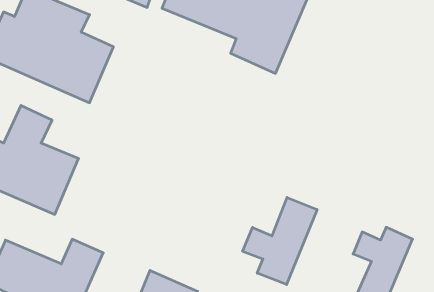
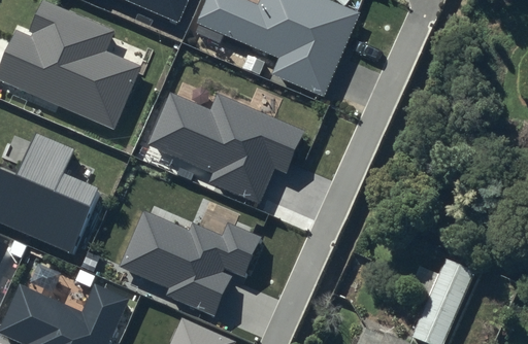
building: none -> [148,91,304,202]
building: none -> [121,211,265,314]
building: [243,197,317,285] -> none

